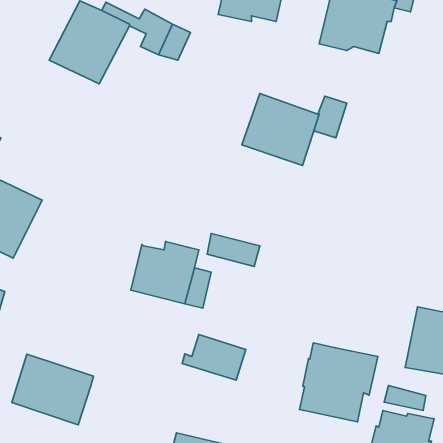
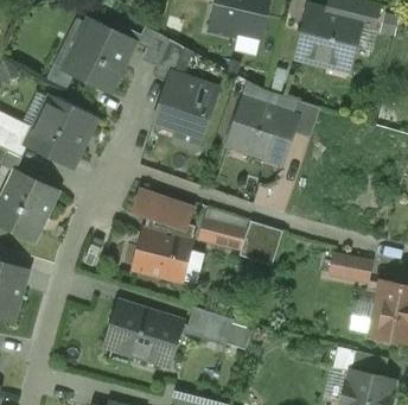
building: none -> [154,74,216,146]
building: none -> [27,96,93,165]
building: none -> [132,188,193,233]
building: none -> [246,220,286,262]
building: none -> [330,253,369,280]
building: [299,343,378,422] -> none
building: [12,354,93,425] -> [110,303,180,363]

